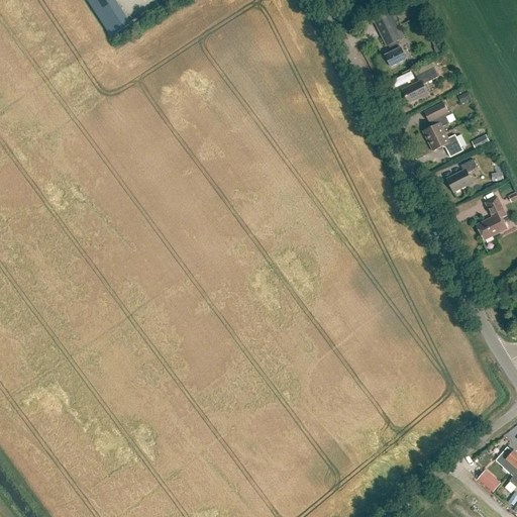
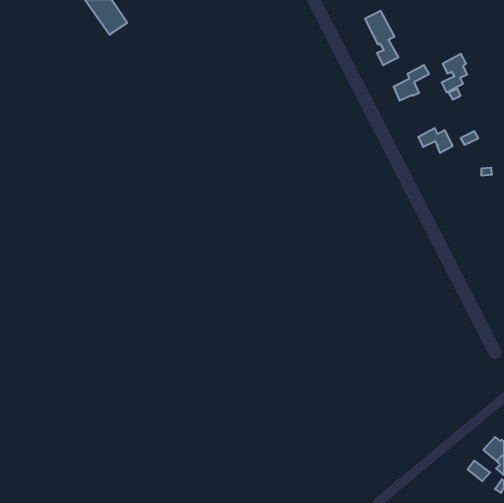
building: [423,101,449,140] -> [442,54,467,92]
building: [445,158,477,191] -> none
building: [476,195,507,238] -> none

